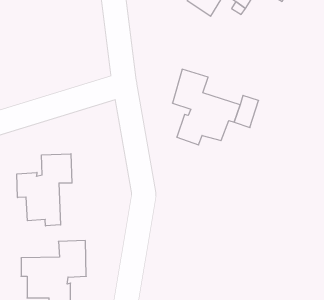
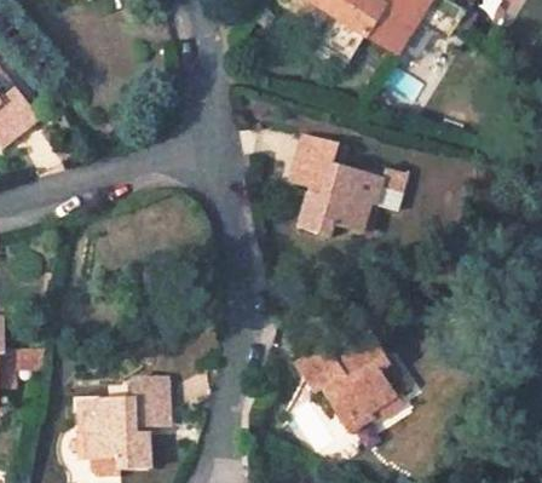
building: [17,154,72,226] -> none
building: none -> [311,341,403,432]

